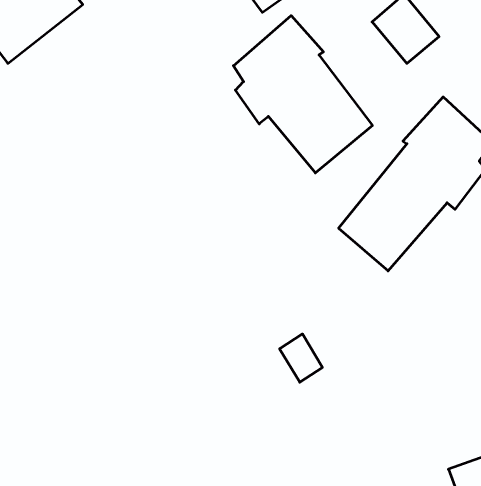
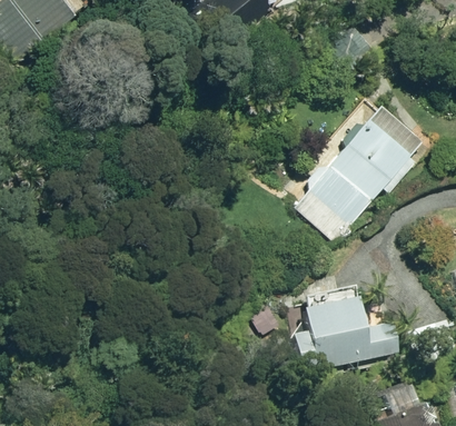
building: [233,16,372,173] -> none
building: none -> [304,293,399,368]

